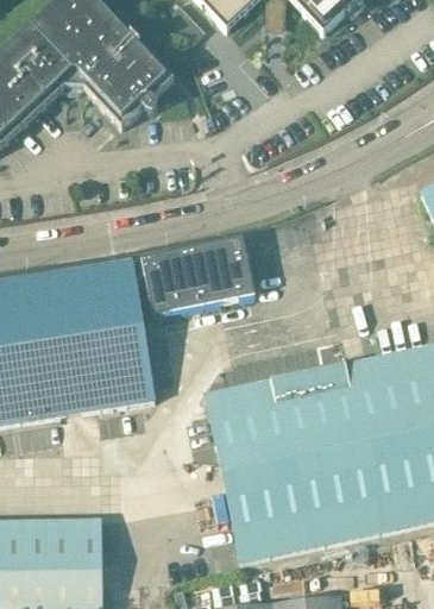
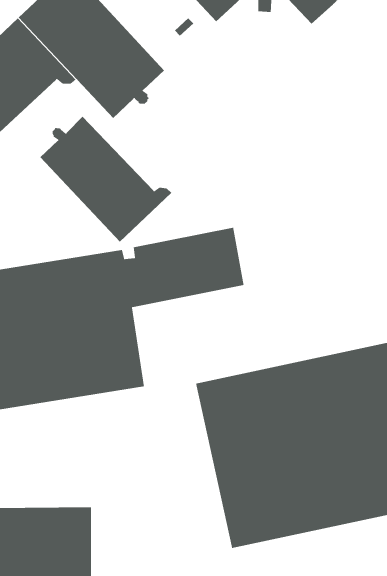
building: none -> [40,116,172,243]

